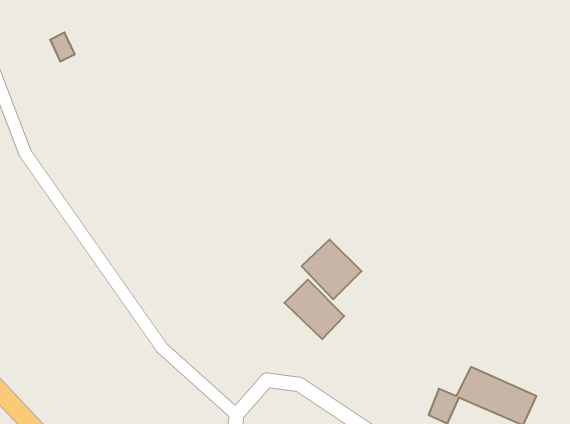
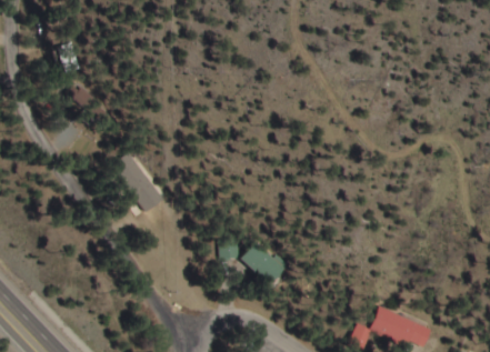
building: [302,239,362,299] -> none

